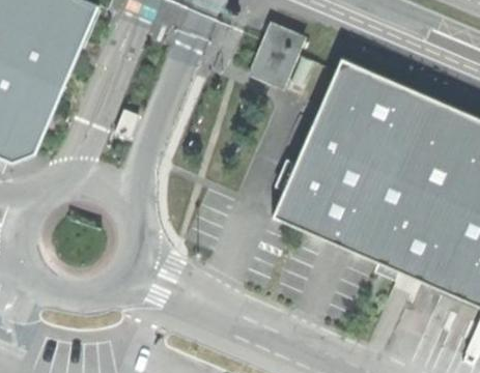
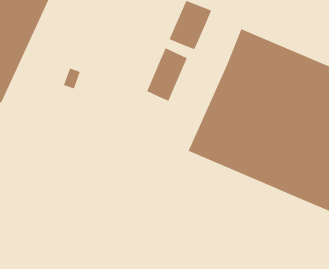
building: none -> [146,47,188,102]

